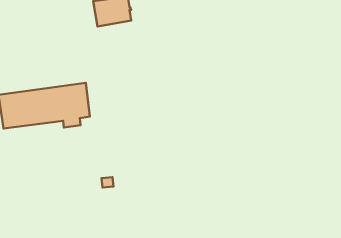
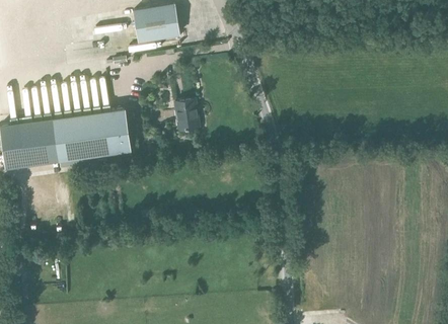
building: none -> [174,99,200,131]

